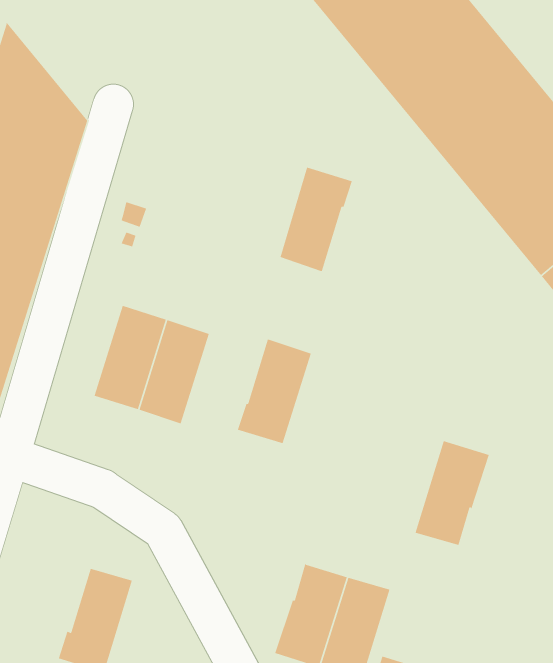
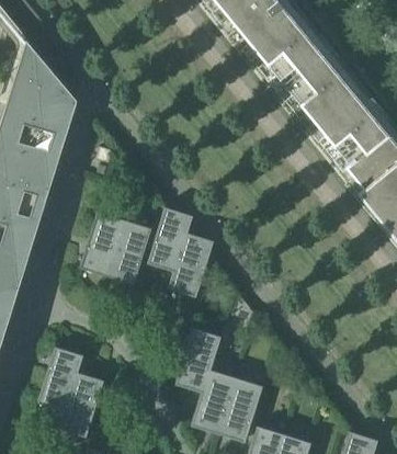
building: [280,166,353,272] -> [149,207,194,272]
building: [415,440,490,546] -> [177,328,223,393]
building: none -> [39,347,84,412]

